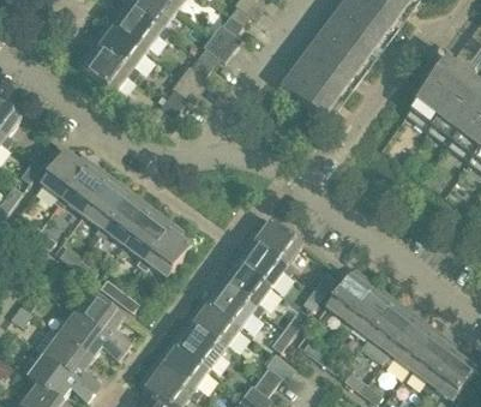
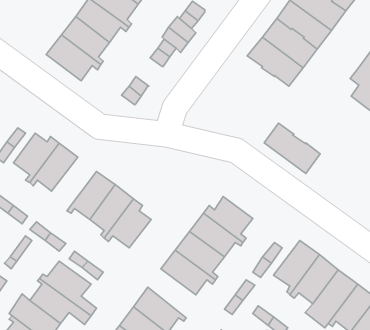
building: [282,64,343,119] -> [264,123,320,173]
building: [83,175,132,234] -> none
building: [188,298,241,352] -> none

